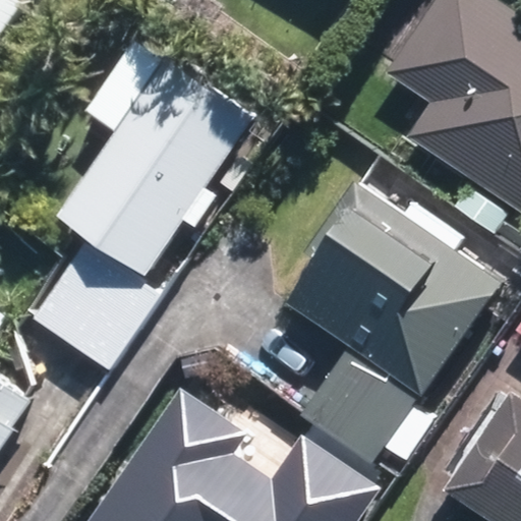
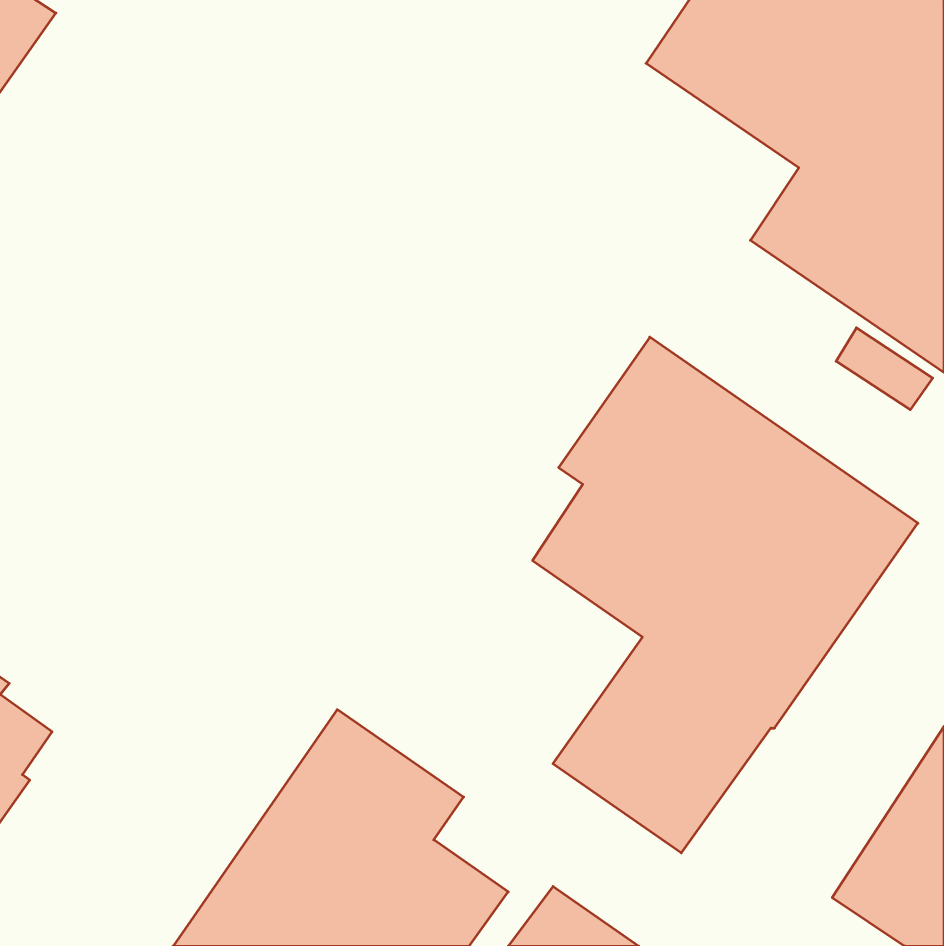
building: [55,56,253,277] -> none
building: [31,244,158,371] -> none

